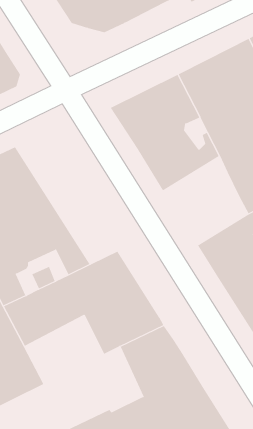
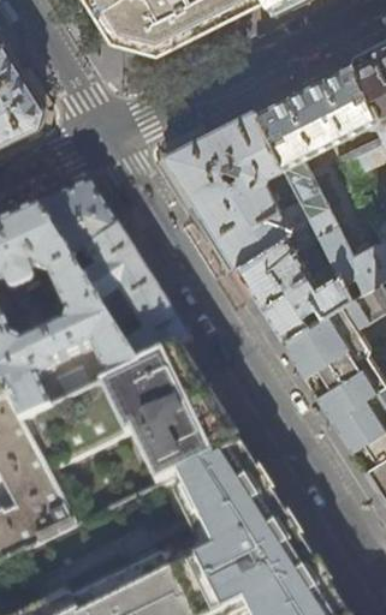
building: none -> [36,183,189,365]
building: none -> [234,220,350,340]

